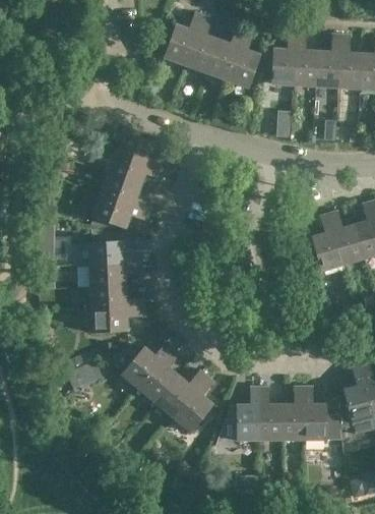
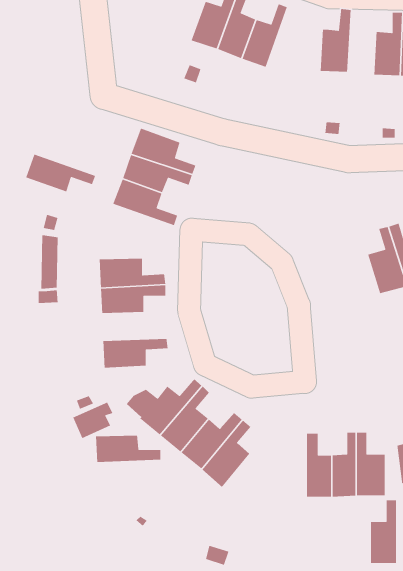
building: [228,31,260,89] -> none
building: [296,33,319,88] -> none
building: [92,195,151,228] -> [25,154,96,193]
building: [90,286,145,309] -> [95,435,161,463]
building: [239,387,261,441] -> [370,499,397,564]

